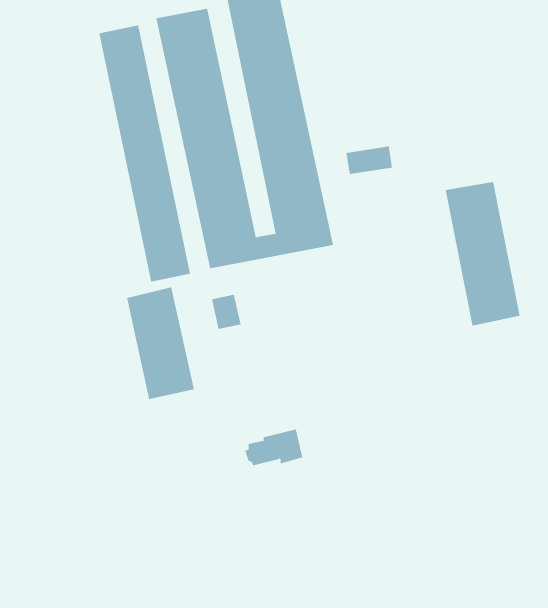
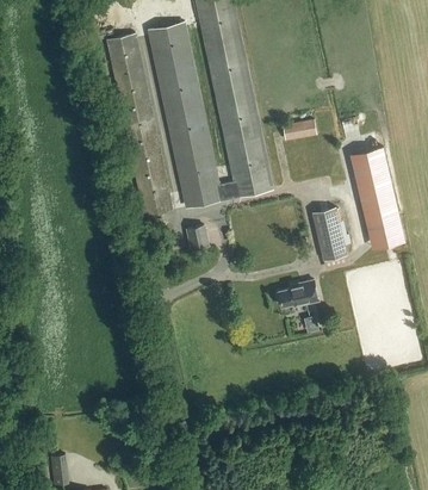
building: none -> [311,207,346,260]
building: [126,286,195,400] -> none
building: [244,429,303,466] -> [275,280,317,306]

